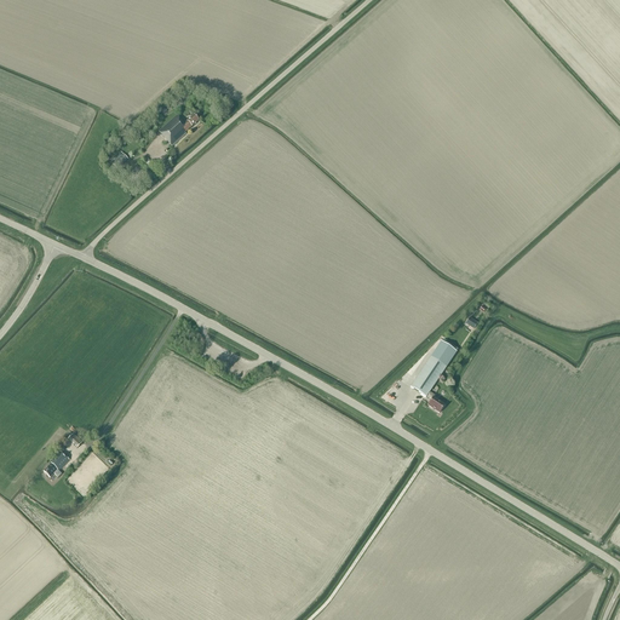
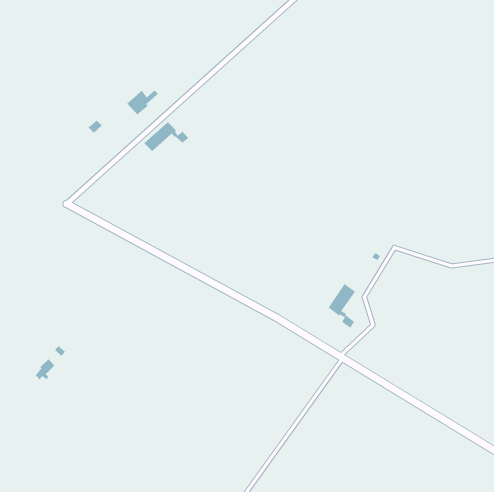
building: none -> [143,122,189,152]

